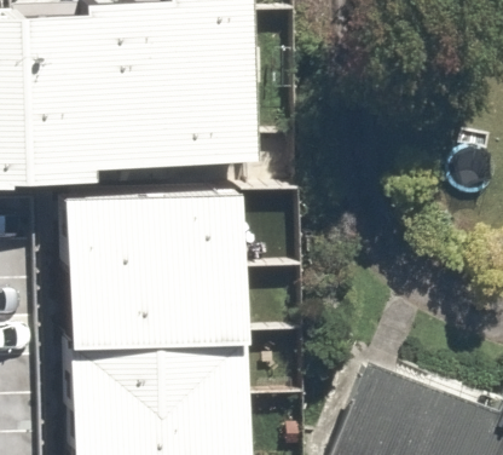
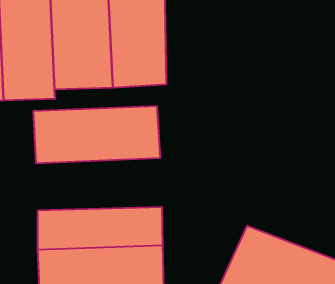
building: [70,266,250,341] -> none

